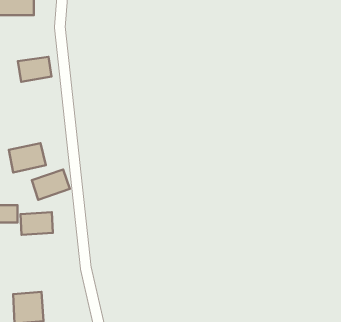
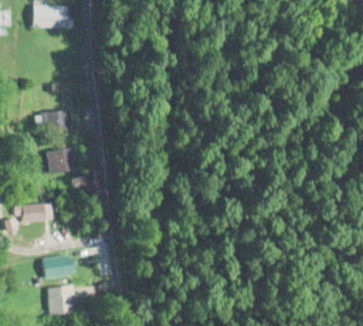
building: [18,57,52,82] -> [43,109,74,132]
building: [20,212,53,235] -> [45,256,75,277]

